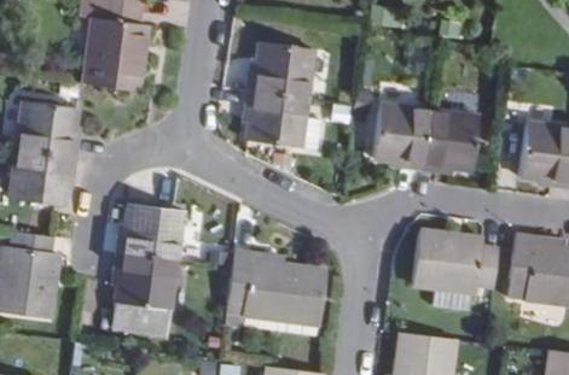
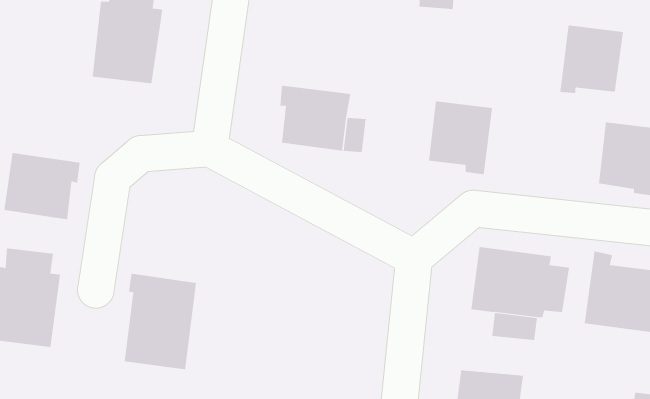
building: [248,41,314,98] -> none
building: [16,101,77,157] -> none
building: [423,110,478,169] -> [559,25,624,93]
building: [118,204,182,260] -> none
building: [226,250,325,323] -> none

